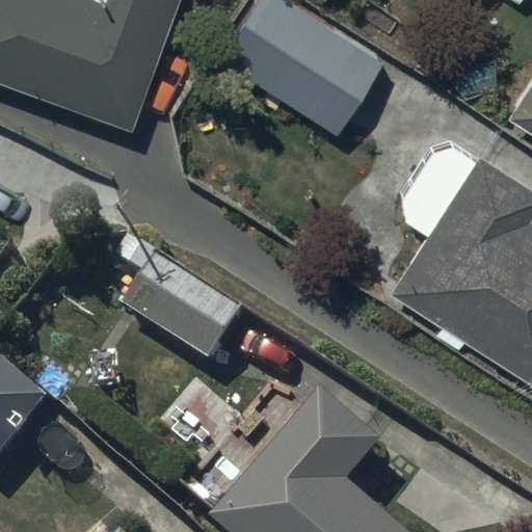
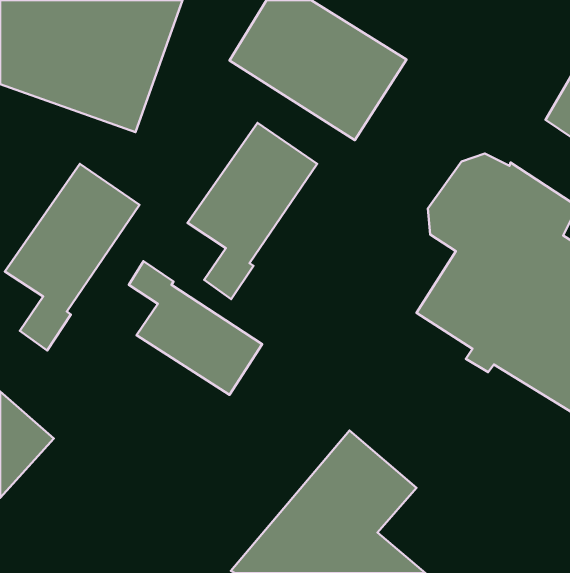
building: none -> [188,123,317,299]
building: none -> [5,164,139,350]

